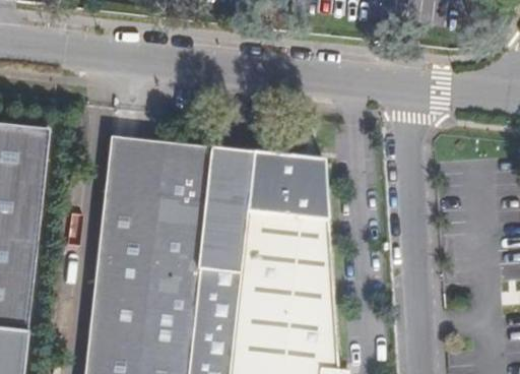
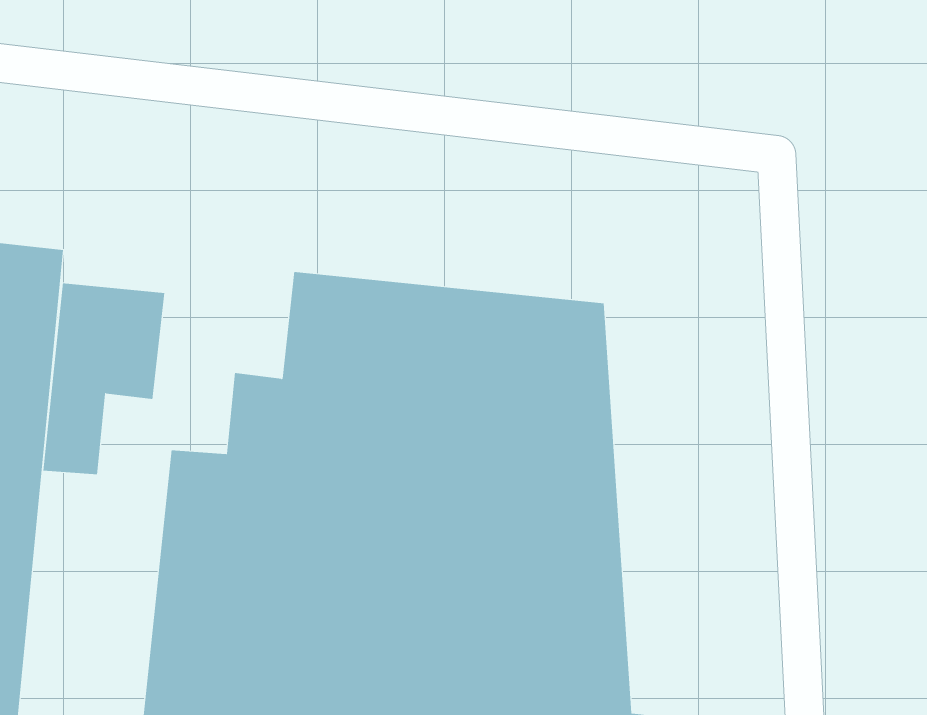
building: [102,138,165,237] -> [42,283,165,475]

